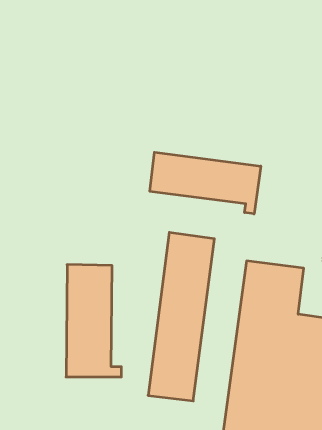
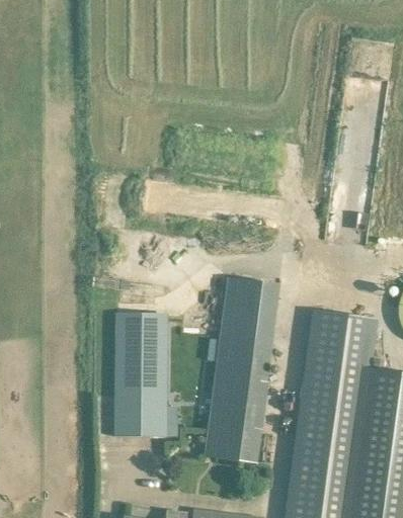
building: [150,152,261,214] -> none

